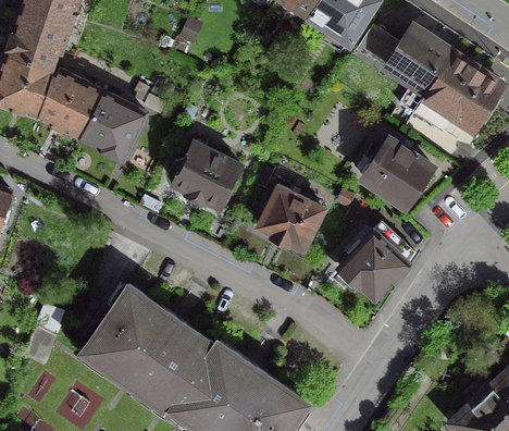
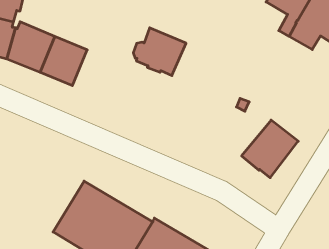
building: [362,139,433,208] -> none
building: [170,143,240,208] -> [133,28,186,76]
building: [258,187,324,250] -> none

